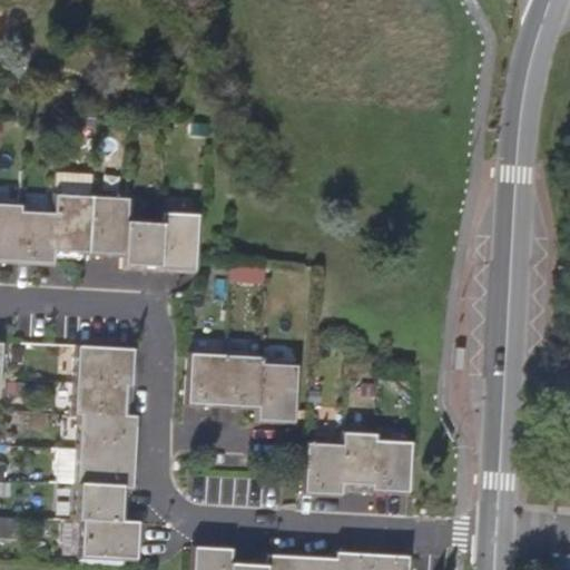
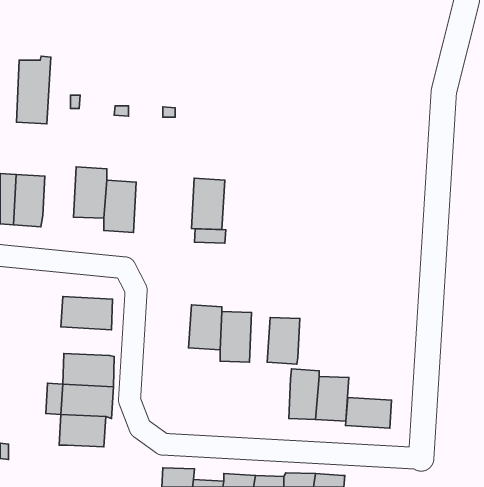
building: [53,175,94,254] -> [16,56,51,124]
building: [159,213,198,273] -> [191,178,225,230]
building: [187,354,227,406] -> none
building: [73,382,134,415] -> none
building: [305,442,343,497] -> [267,317,300,364]
building: none -> [345,398,392,428]
building: [79,520,140,559] -> none

